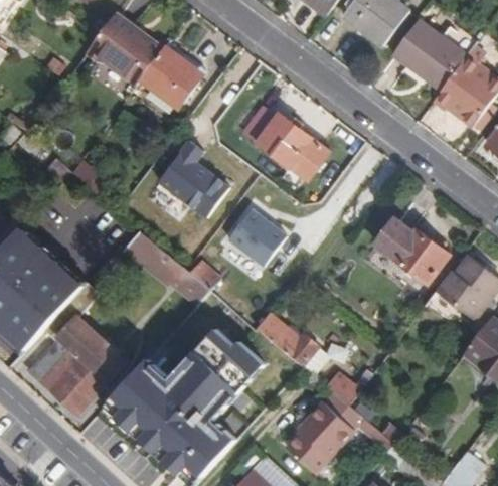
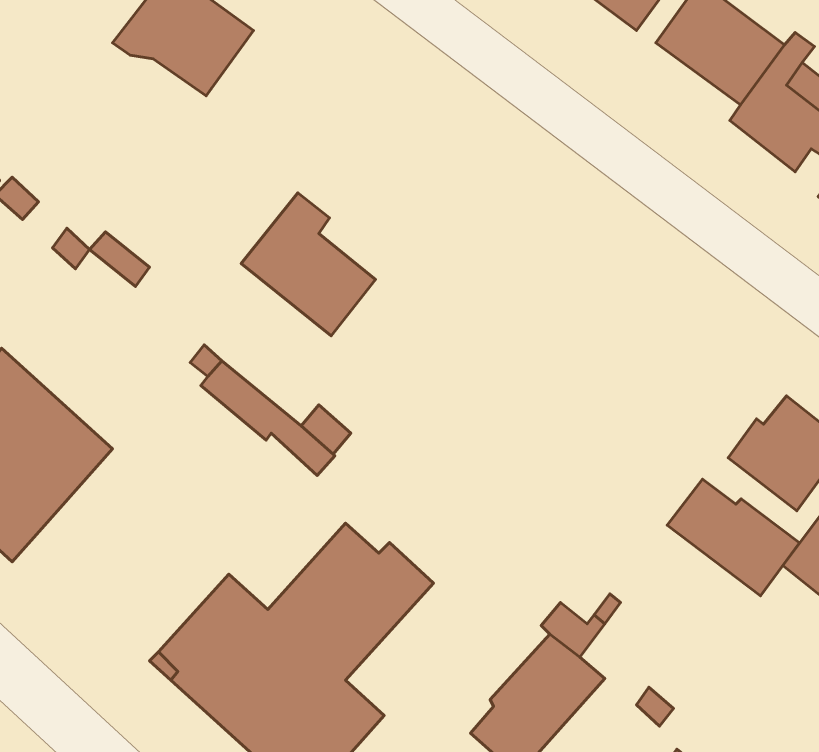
building: [138,45,202,108] -> none
building: [240,107,327,179] -> none
building: [225,208,298,275] -> none
building: [372,217,448,284] -> [667,479,799,596]
building: [27,274,124,415] -> none
building: [254,311,325,373] -> none

